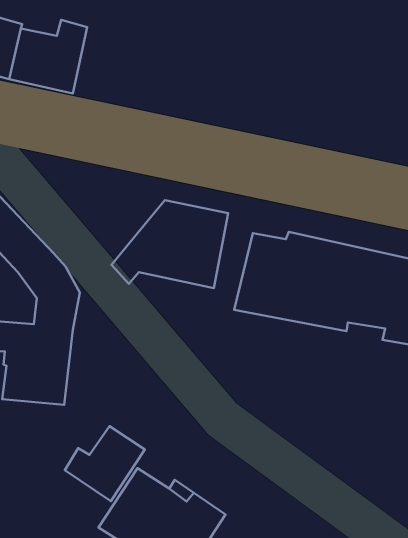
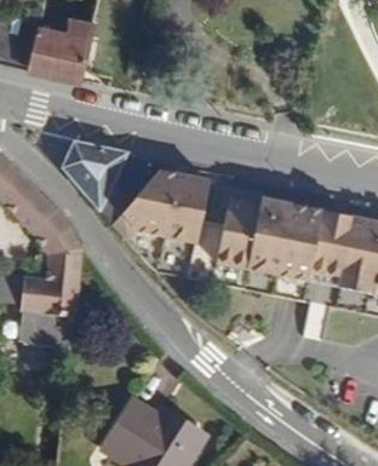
building: none -> [62,143,133,225]
building: [65,426,145,501] -> none

